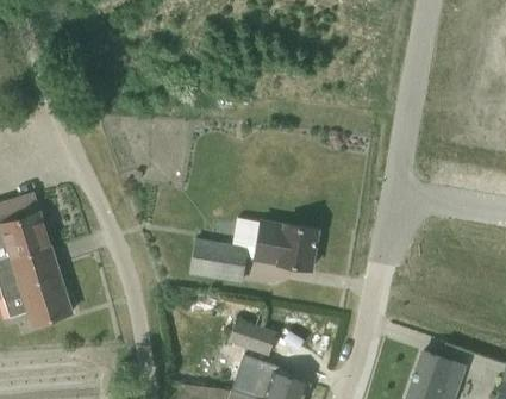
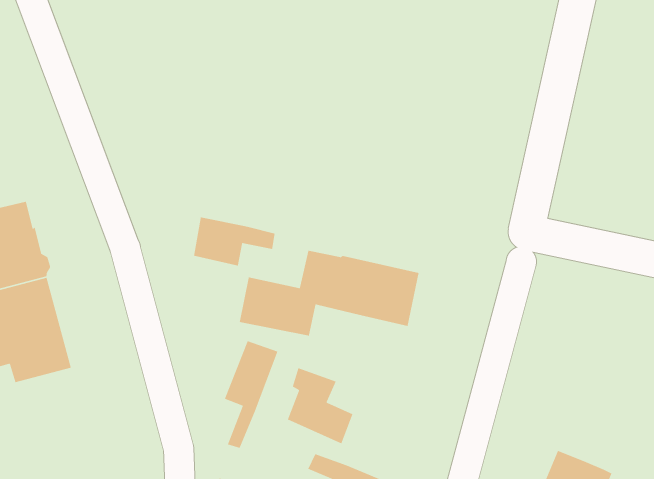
building: none -> [193,217,275,267]
building: none -> [224,340,279,449]

